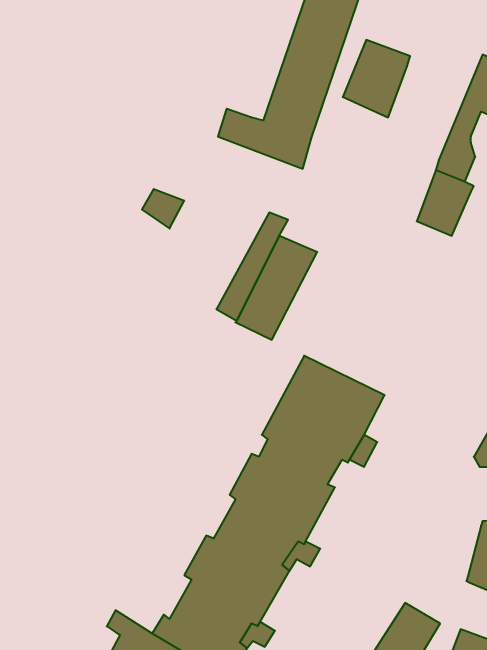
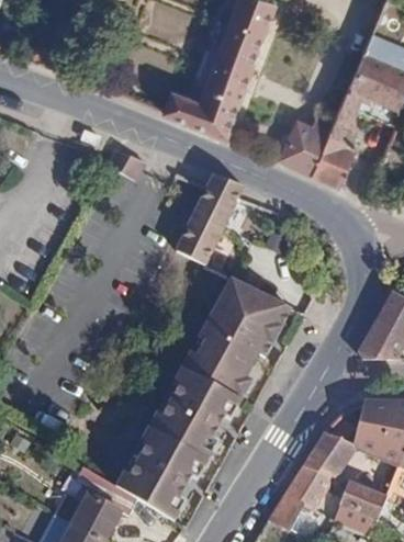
building: [343,40,410,117] -> [280,117,330,176]
building: none -> [305,432,354,477]

